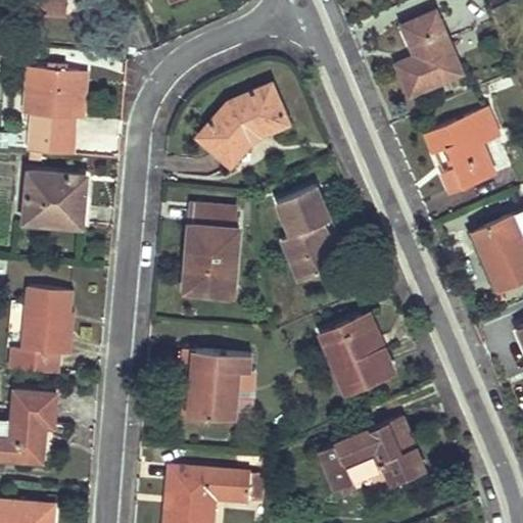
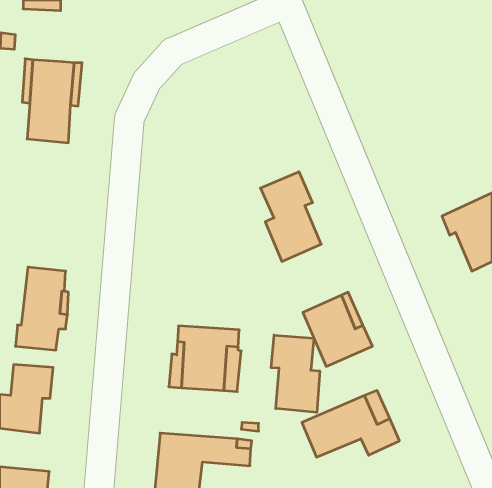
building: [396,13,461,95] -> none
building: [197,84,288,167] -> none
building: [426,109,498,194] -> none
building: [23,172,86,229] -> none
building: [184,205,239,288] -> none
building: none -> [271,335,320,412]

